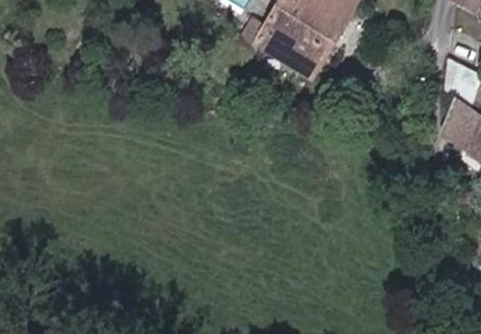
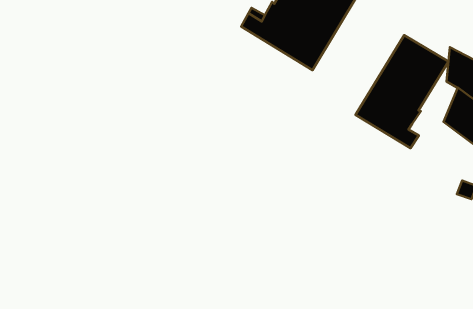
building: none -> [355,35,448,148]

